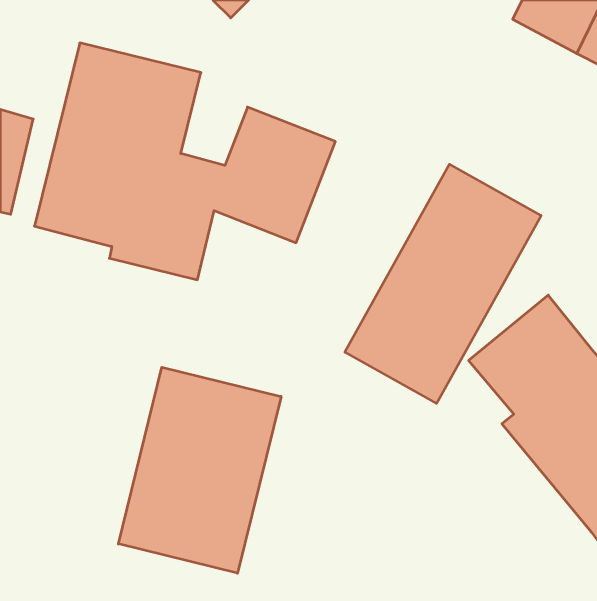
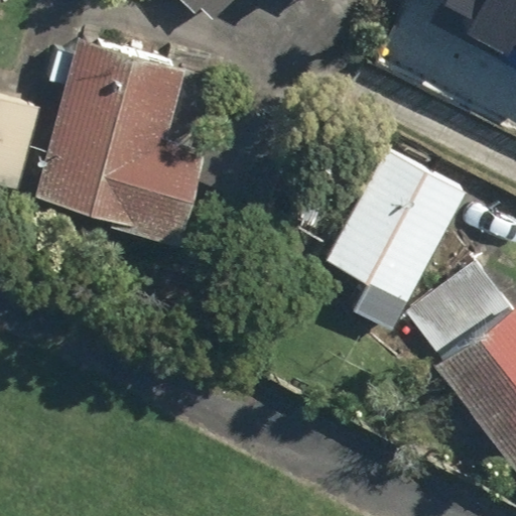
building: [118,367,281,573] -> none

